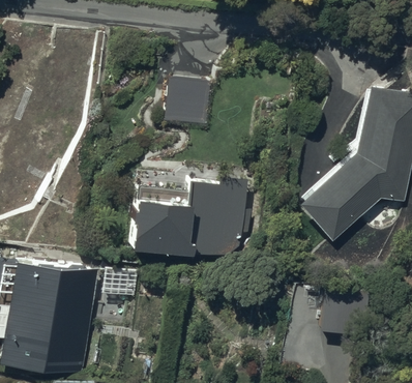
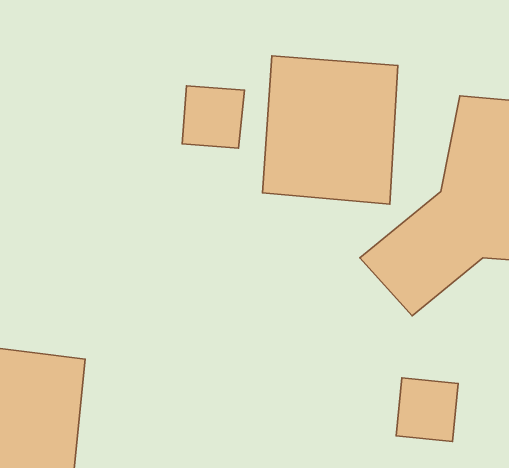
building: none -> [263,56,398,204]
building: [125,170,247,254] -> none

